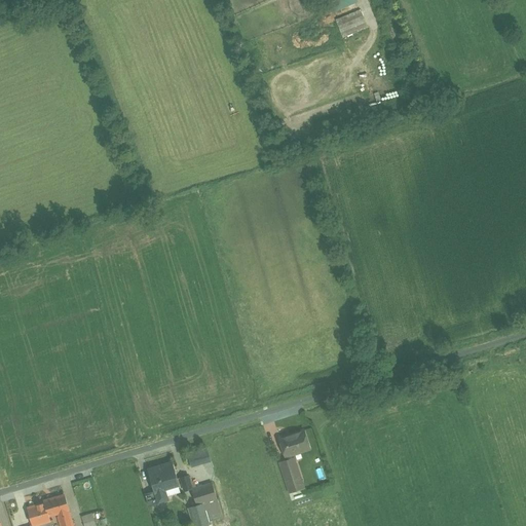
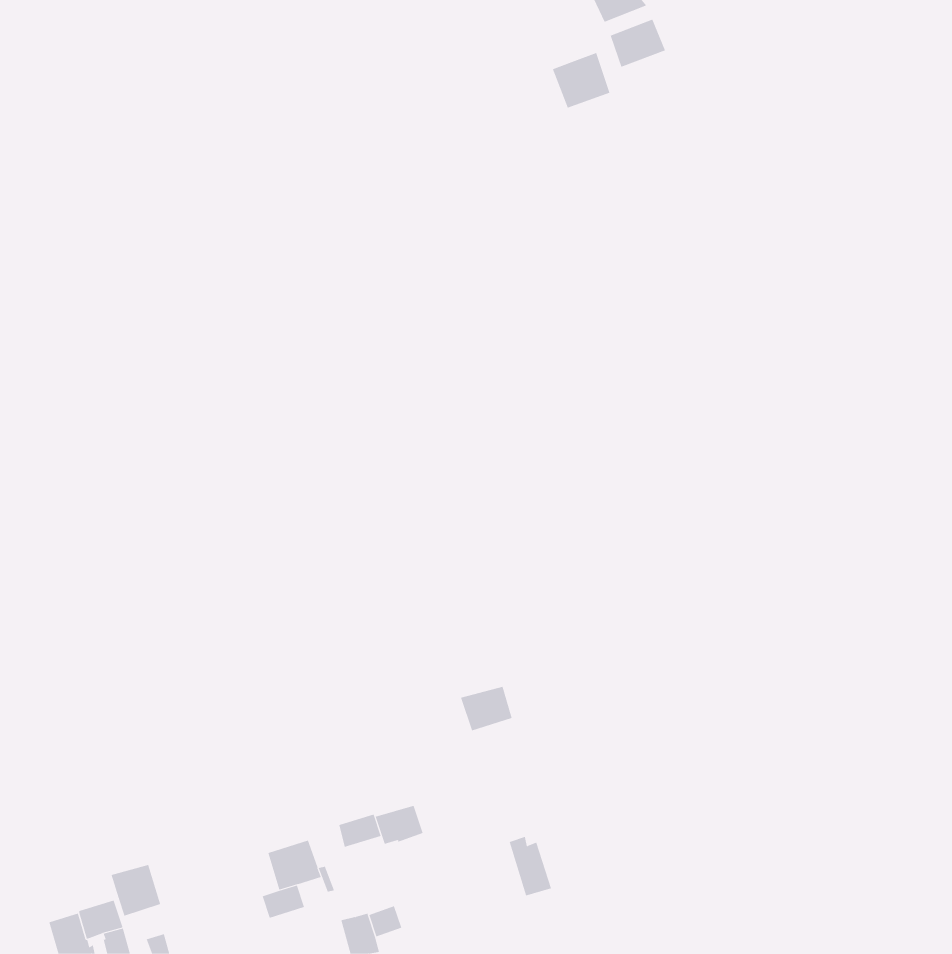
building: none -> [552,52,610,109]
building: [279,431,308,456] -> [460,686,513,731]
building: none -> [111,864,161,917]
building: [190,482,217,503] -> [375,805,424,844]

